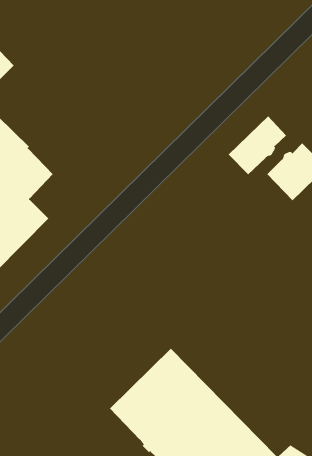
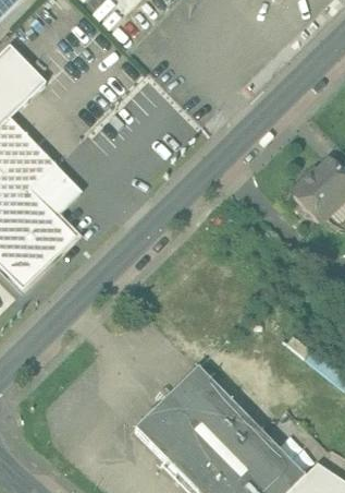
building: [228,115,287,175] -> none

